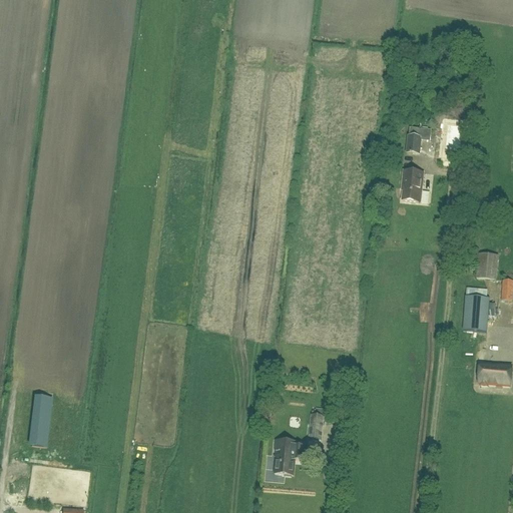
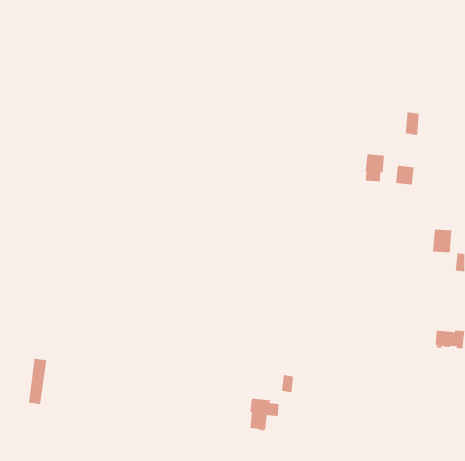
building: [406,126,431,154] -> none
building: none -> [396,165,414,186]
building: [463,295,489,331] -> none

